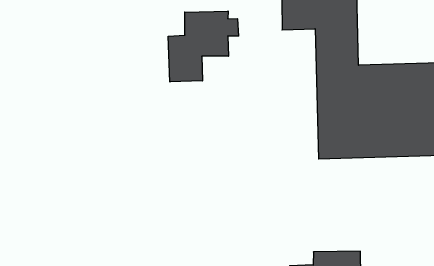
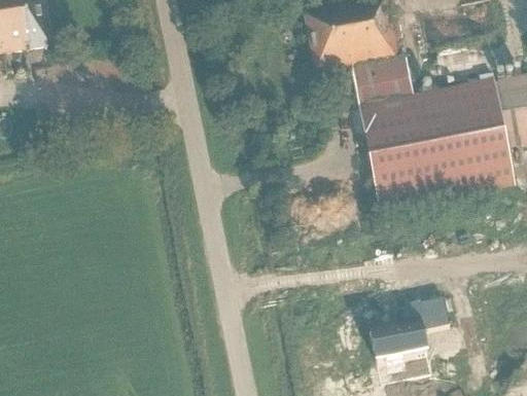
building: [168,11,239,82] -> none

